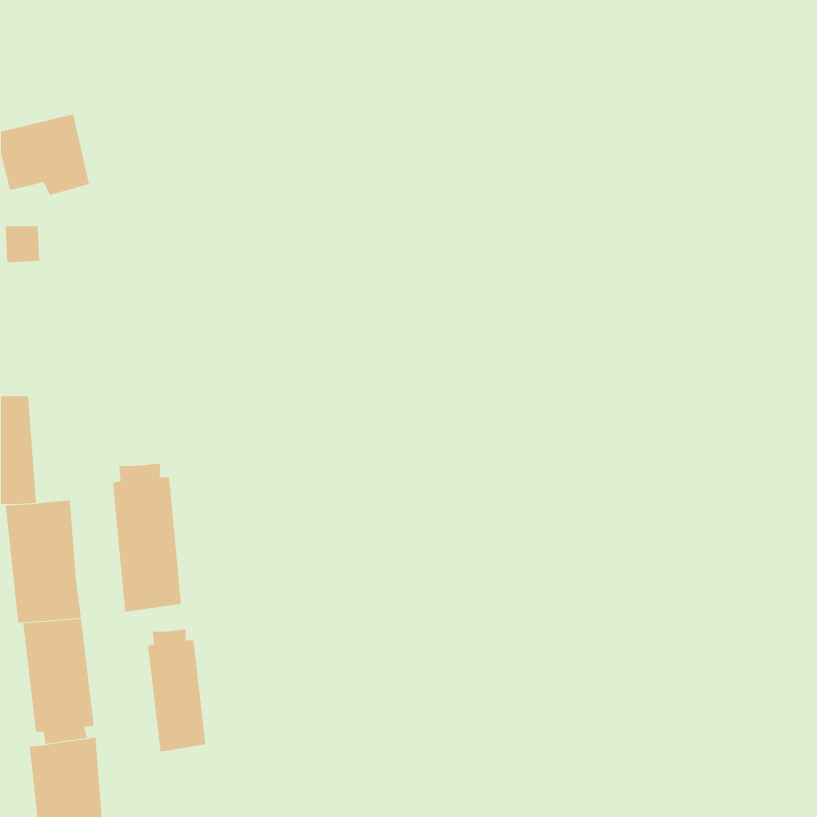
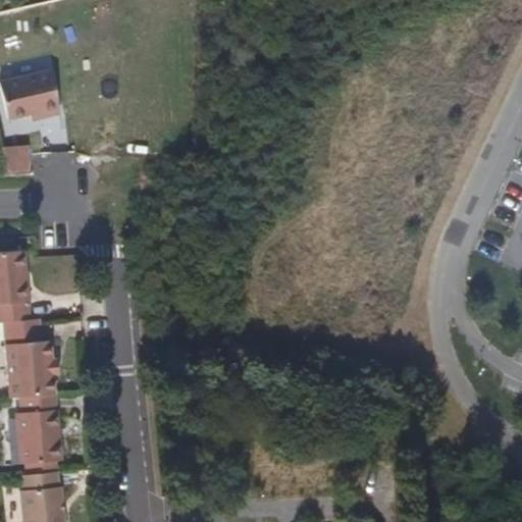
building: [113,463,182,612] -> none
building: [147,629,206,752] -> none

